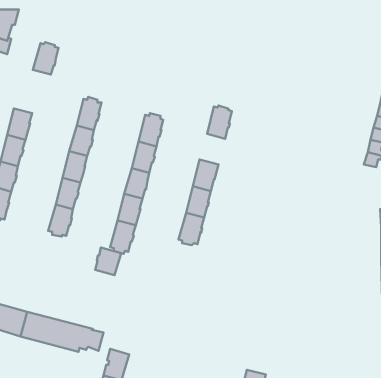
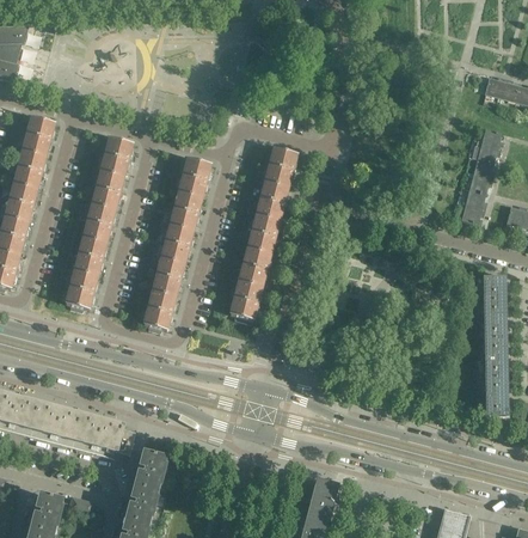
building: [33,42,59,75] -> [22,116,54,157]
building: none -> [254,183,287,221]
building: [95,247,121,275] -> none

